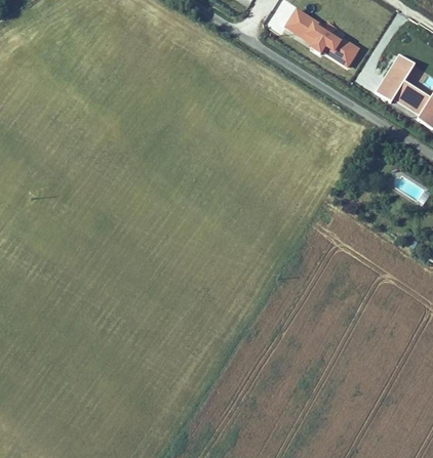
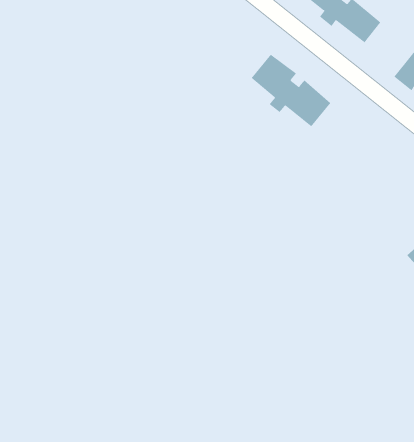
building: none -> [251,54,331,127]

